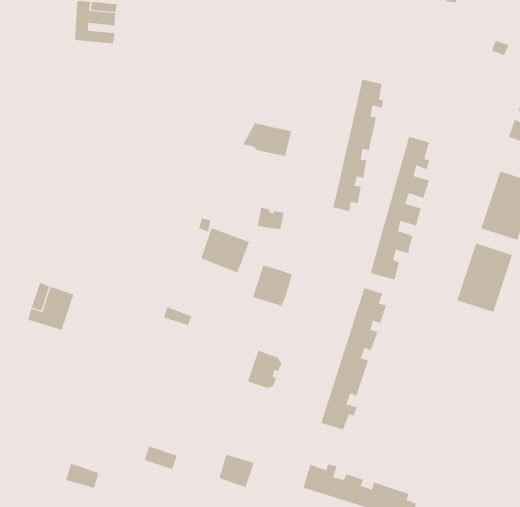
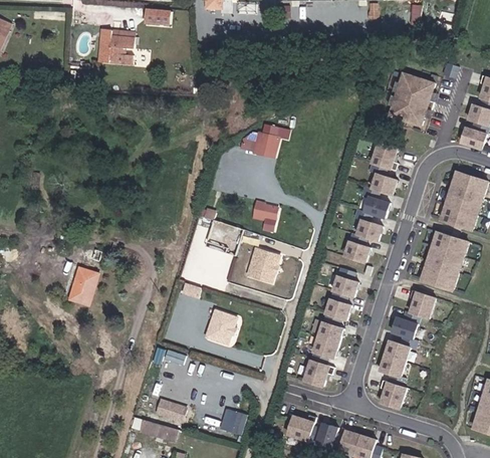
building: none -> [391,69,436,122]
building: [333,79,383,212] -> none
building: none -> [381,290,437,409]
building: [247,350,282,389] -> [203,311,232,343]
building: [66,463,99,488] -> [140,419,168,440]

